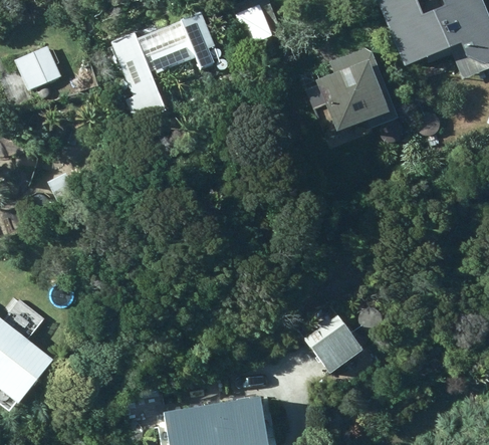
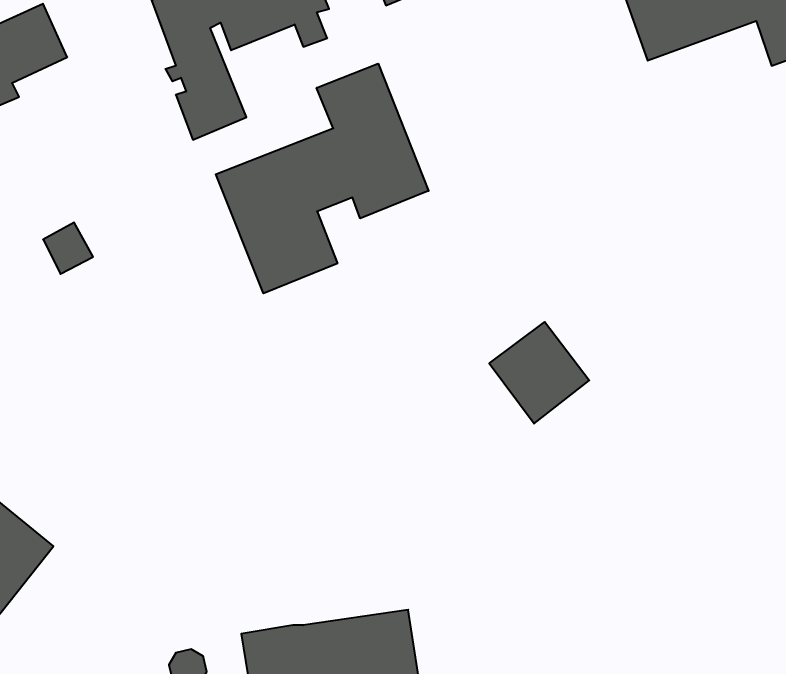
building: [314,45,398,132] -> none
building: none -> [216,64,429,293]
building: [303,313,361,373] -> [489,322,589,424]

